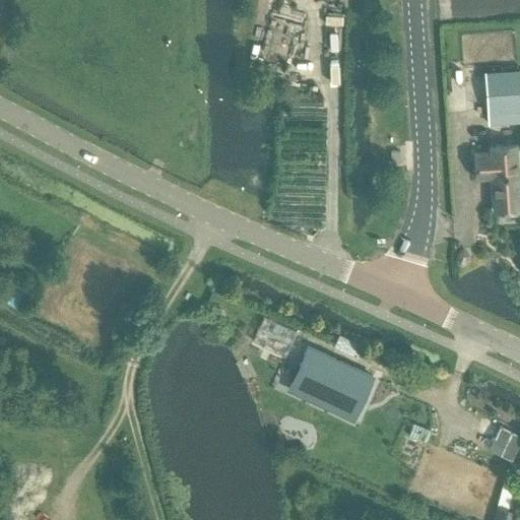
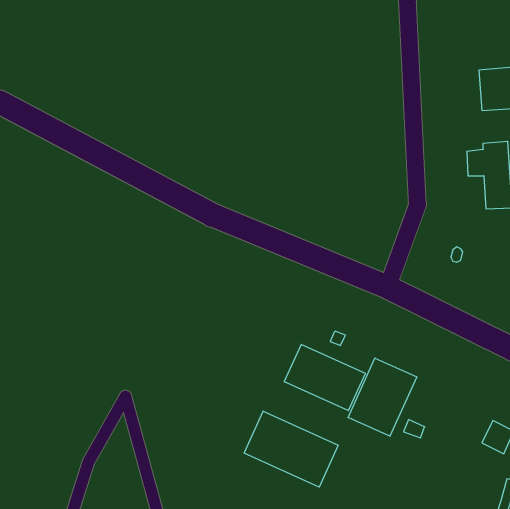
building: none -> [348,358,417,436]
building: none -> [244,411,338,487]

